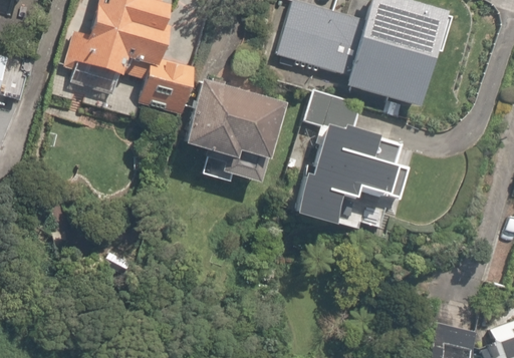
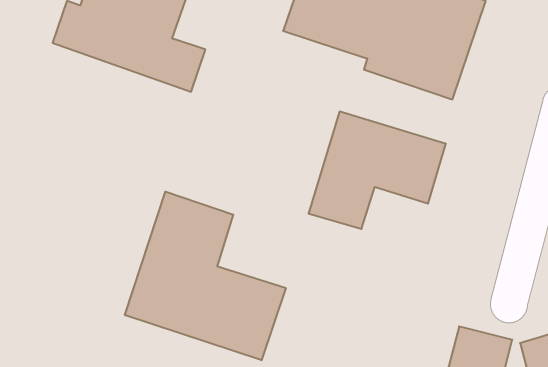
building: [177,82,287,190] -> none
building: none -> [125,192,286,360]

